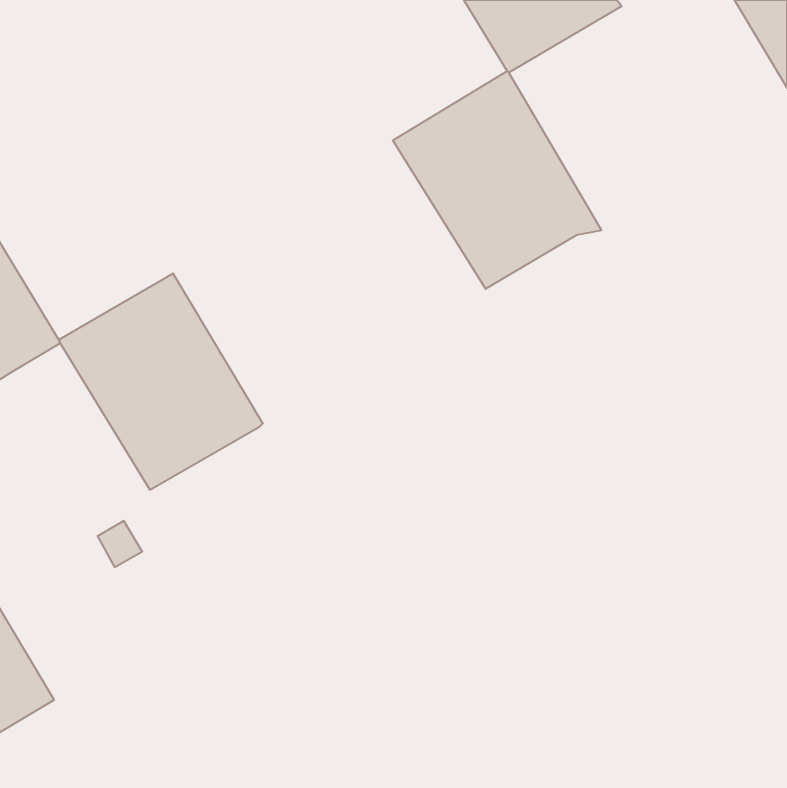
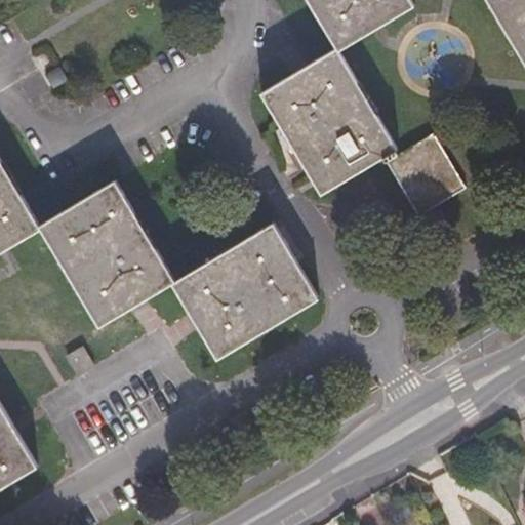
building: none -> [382,133,465,214]
building: none -> [172,224,318,358]

